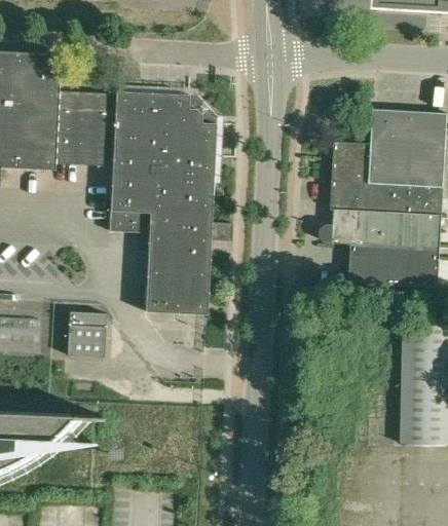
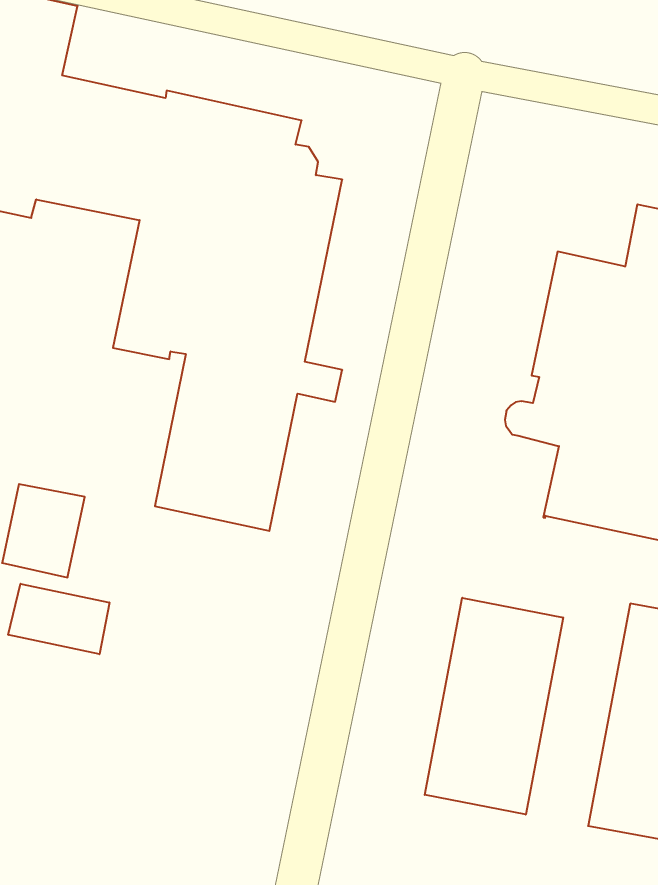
building: none -> [425,598,563,815]
building: none -> [8,584,109,654]

